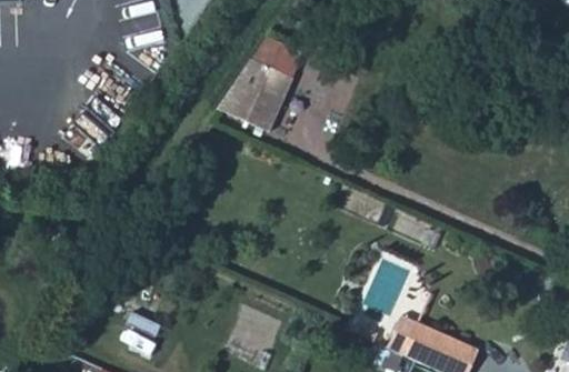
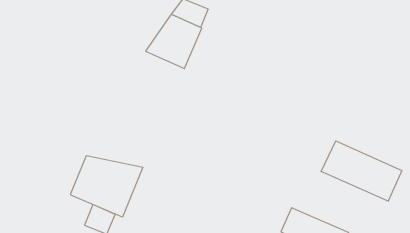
building: none -> [321,141,402,201]
building: none -> [71,156,143,217]

